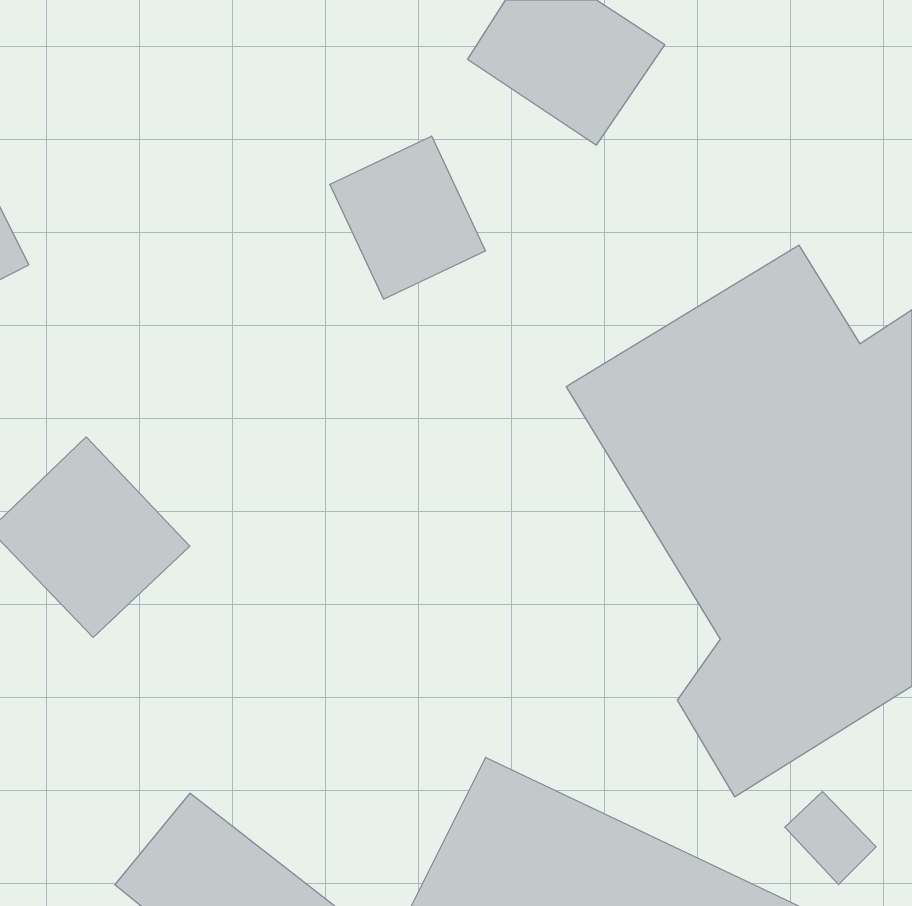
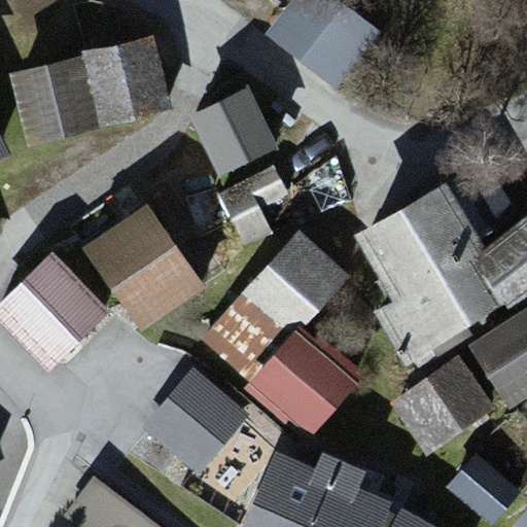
building: none -> [9,35,172,148]
building: none -> [68,187,209,336]
building: none -> [205,233,368,437]
building: none -> [146,373,248,475]

